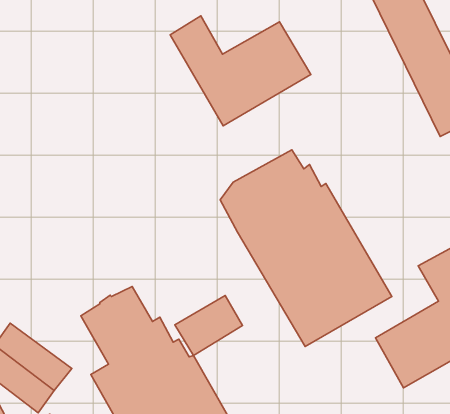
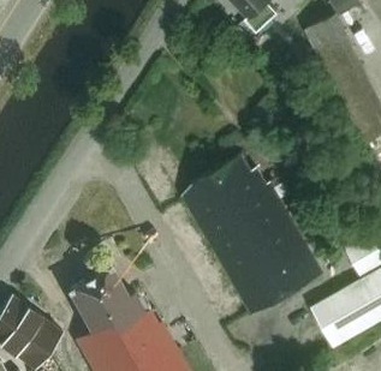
building: [170,16,311,126] -> none
building: [175,295,243,355] -> none

